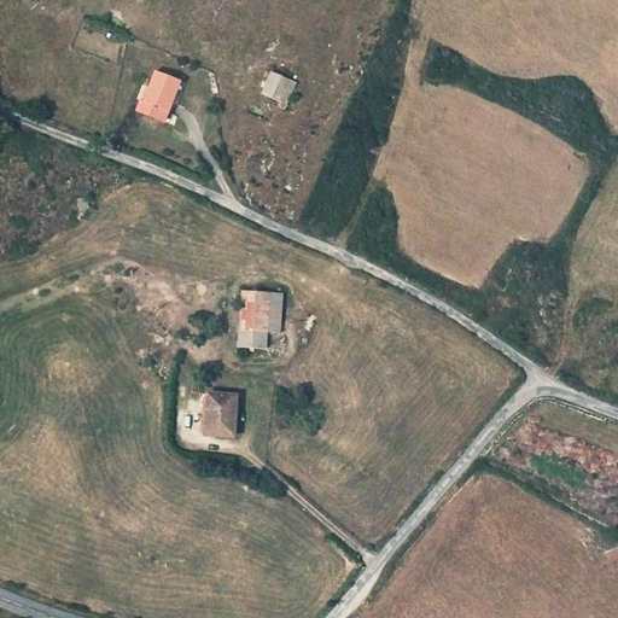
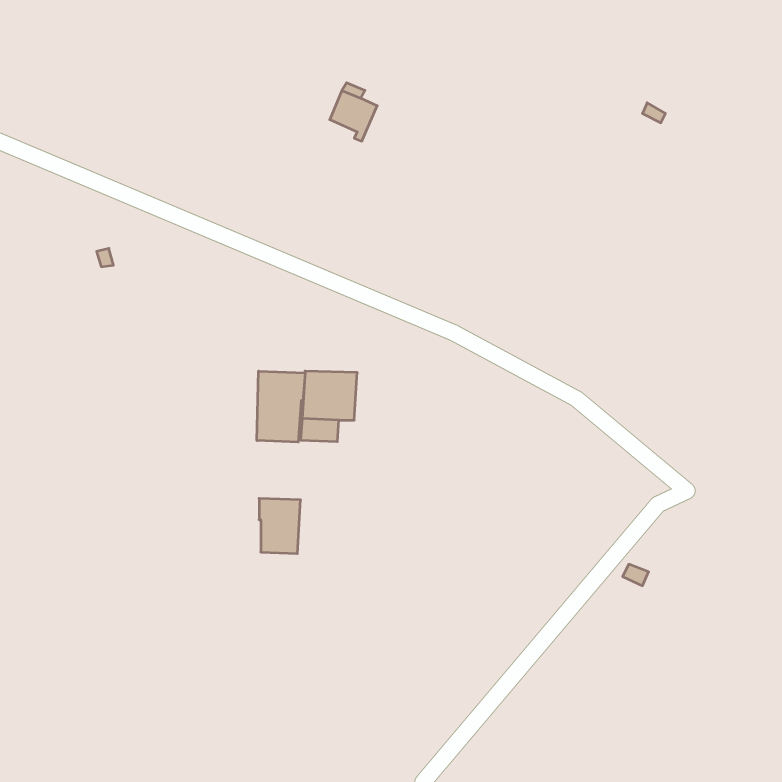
building: [135,71,180,118] -> none
building: none -> [257,371,305,442]

